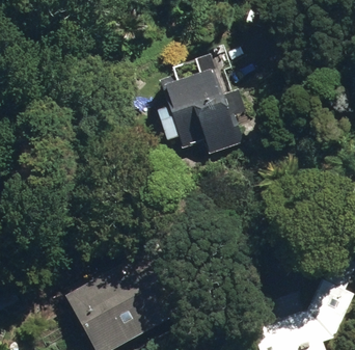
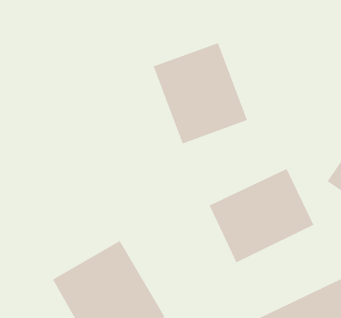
building: none -> [209,168,314,263]

